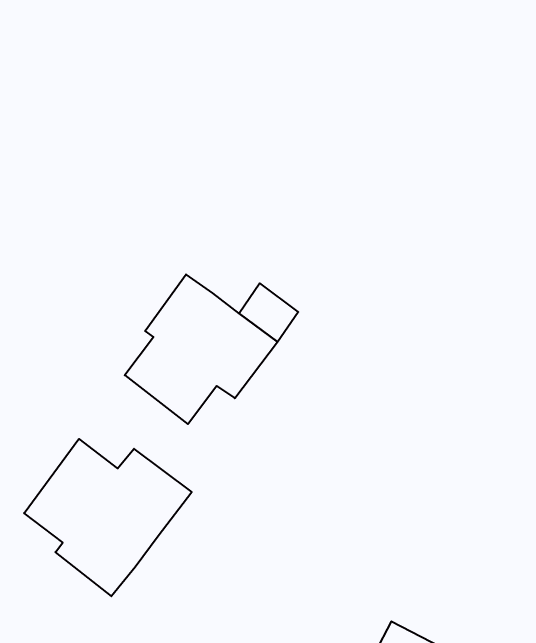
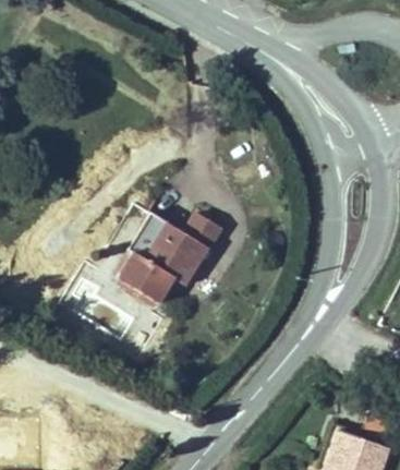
building: [24,439,192,596] -> none

